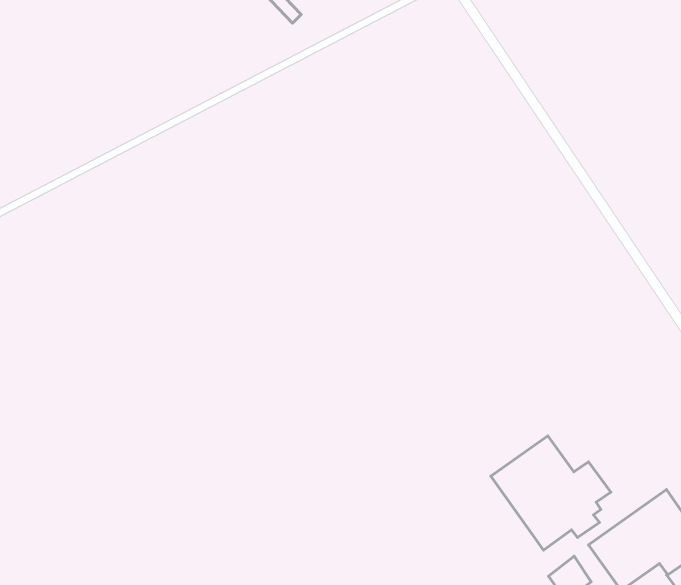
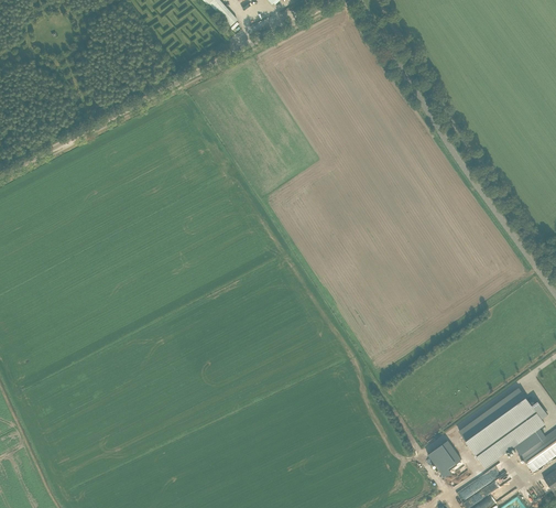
building: [491,436,611,550] -> none

